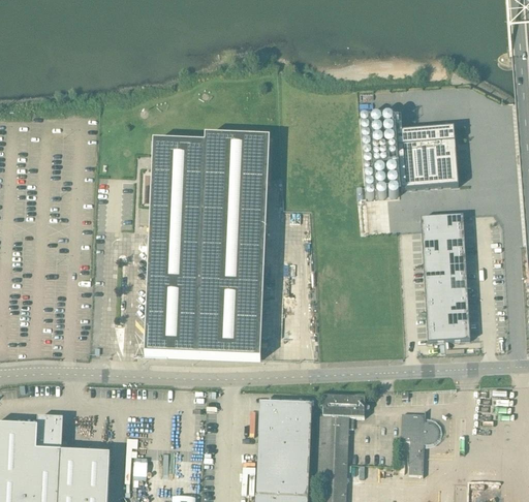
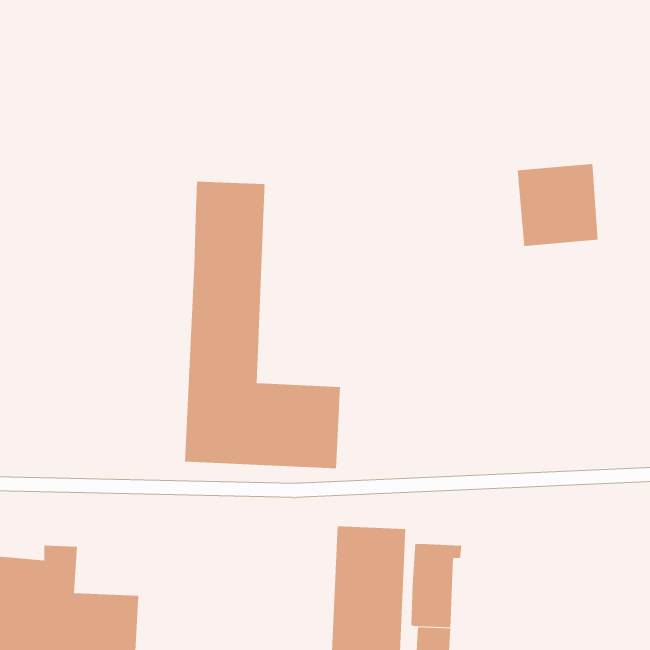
building: [199,134,269,295] -> none
building: [421,215,470,341] -> none
building: [323,394,370,416] -> none
building: [401,408,439,475] -> none

